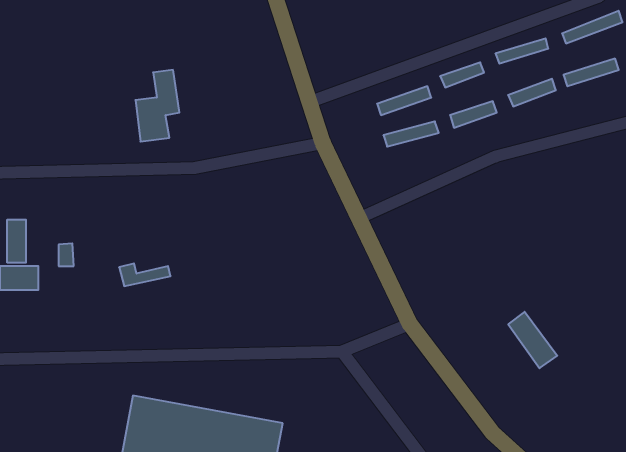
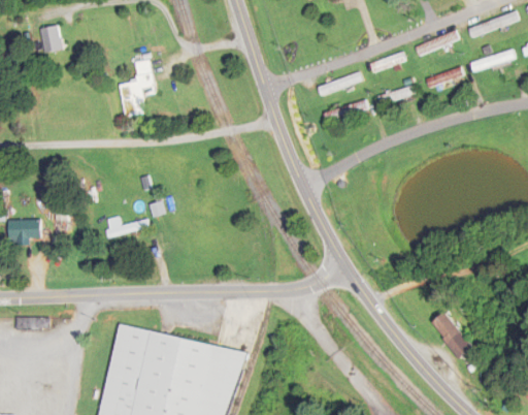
building: none -> [38,24,63,53]
building: [7,220,26,263] -> none
building: [508,312,557,368] -> [431,313,471,359]

